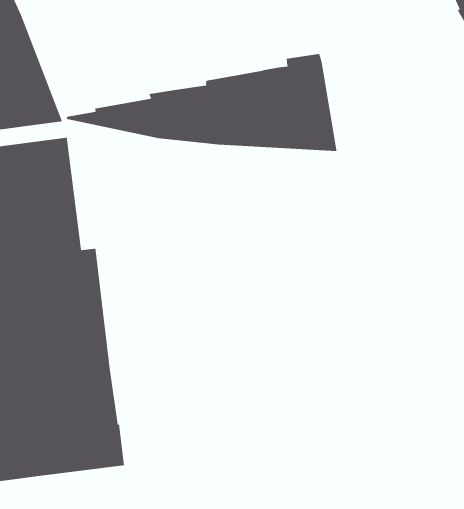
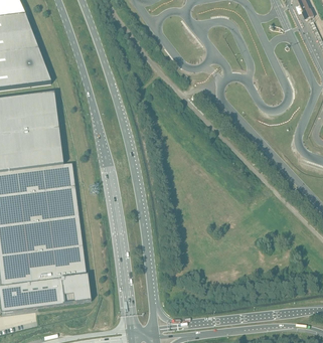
building: [66,53,337,152] -> none

